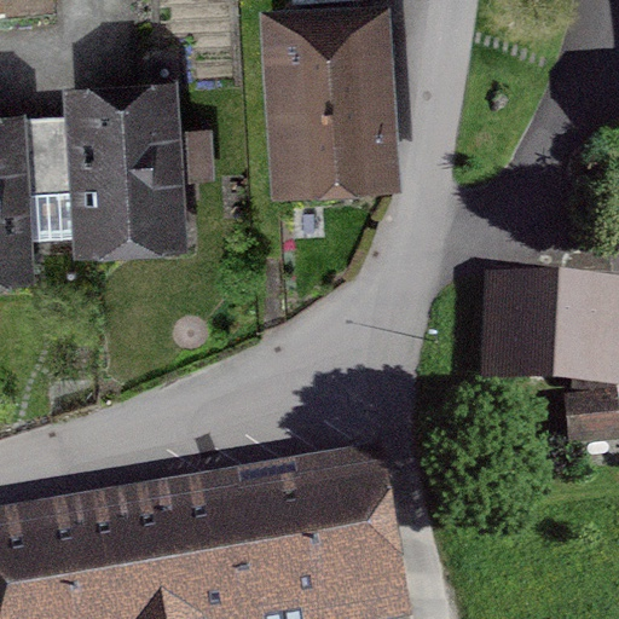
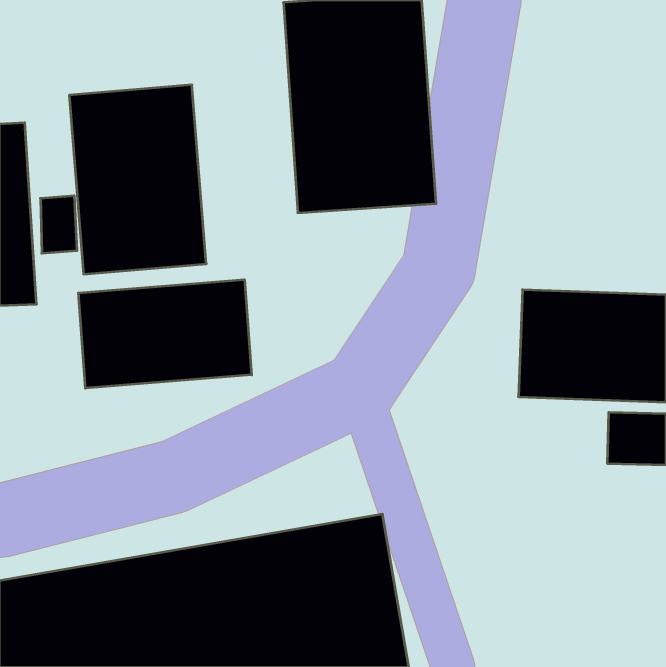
building: none -> [78,280,252,388]

